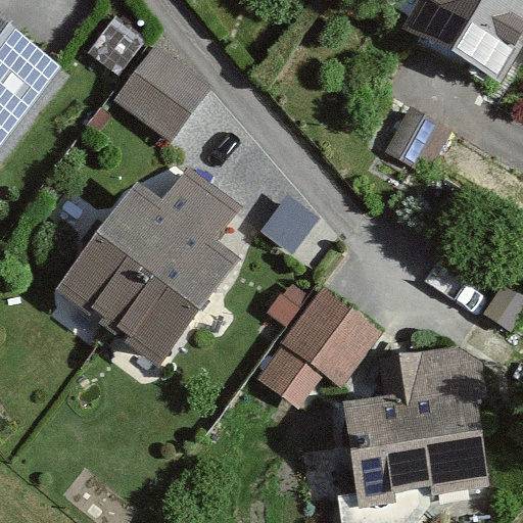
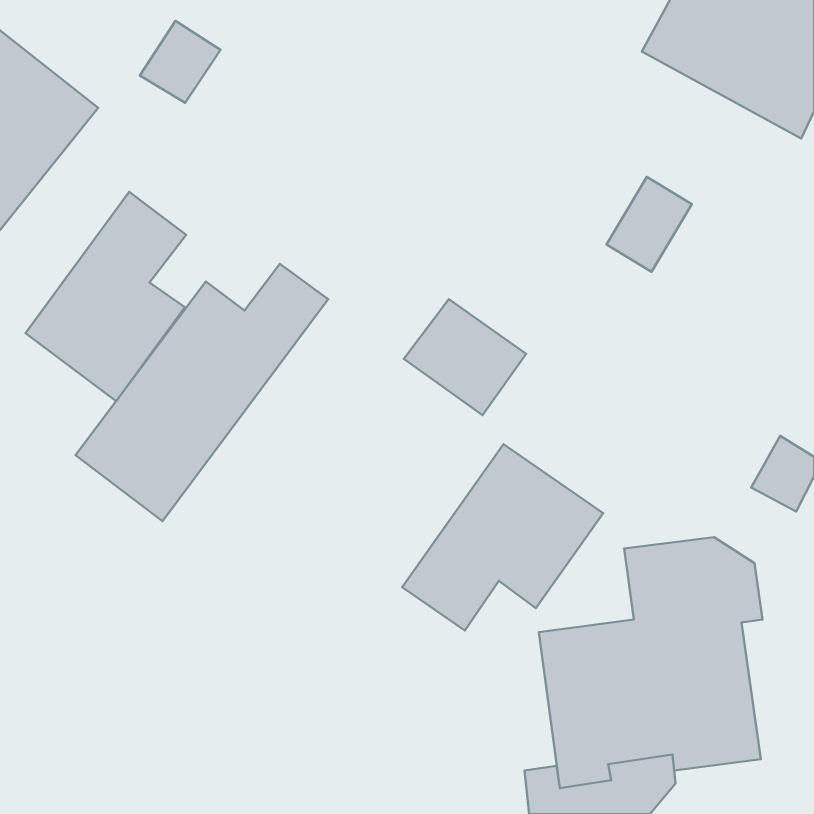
building: [118,49,215,144] -> none
building: none -> [25,192,186,401]
building: [103,190,245,372] -> none

